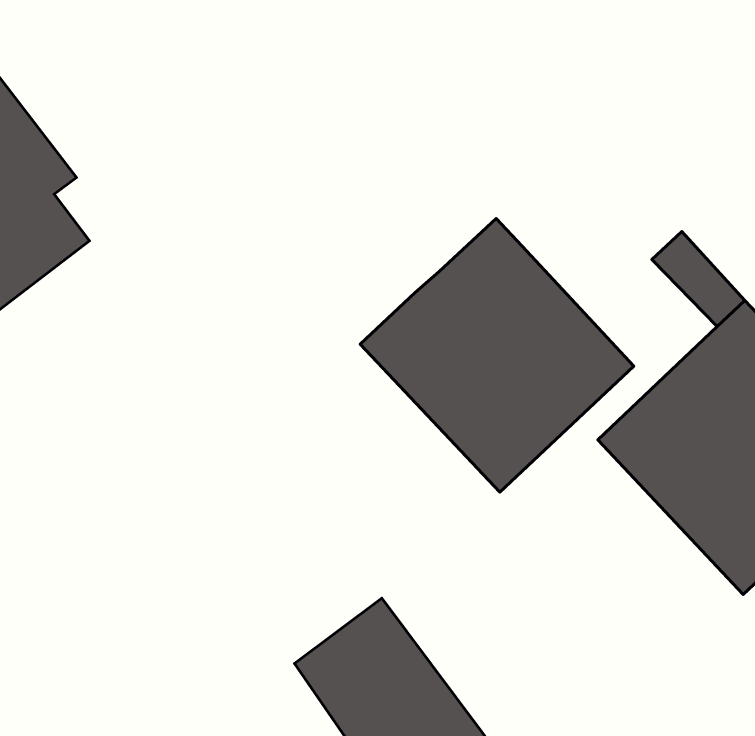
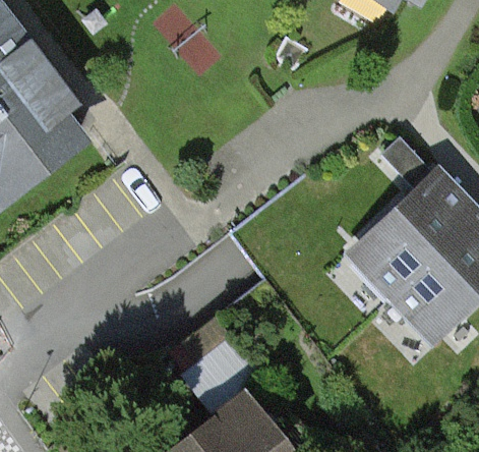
building: [360,218,634,492] -> none

